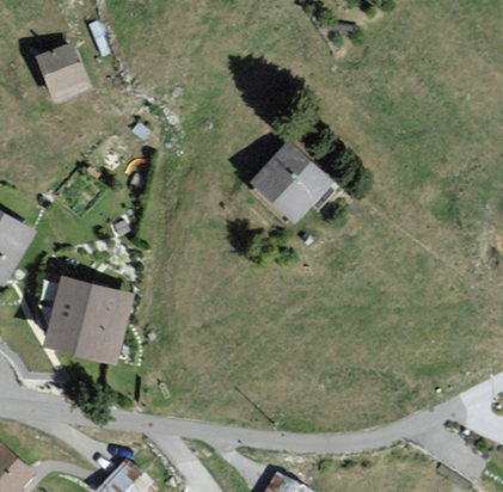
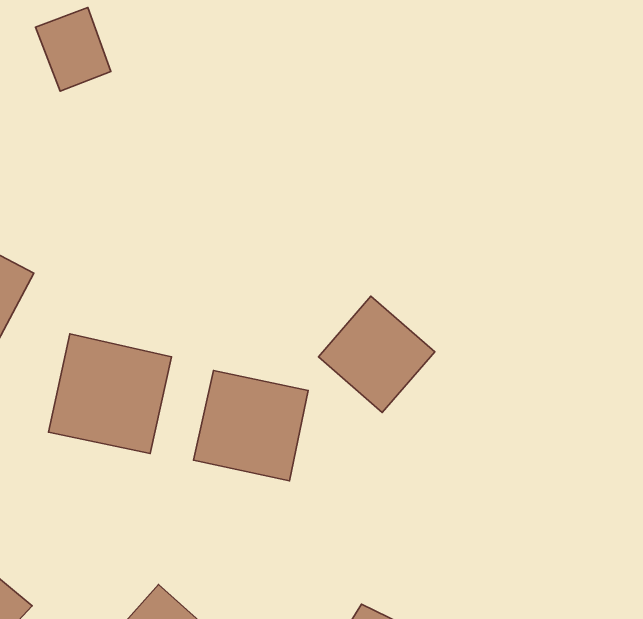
building: [246,140,331,225] -> [318,296,435,412]
building: none -> [193,370,308,481]

